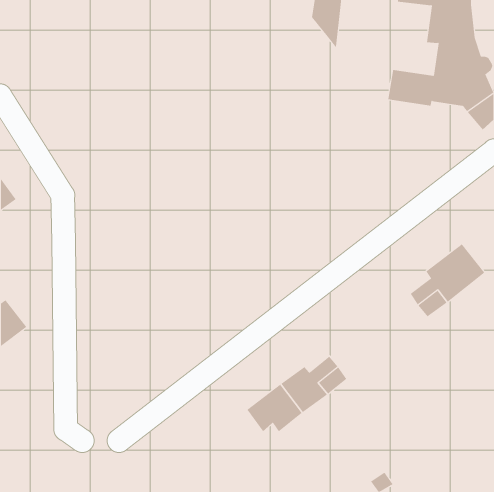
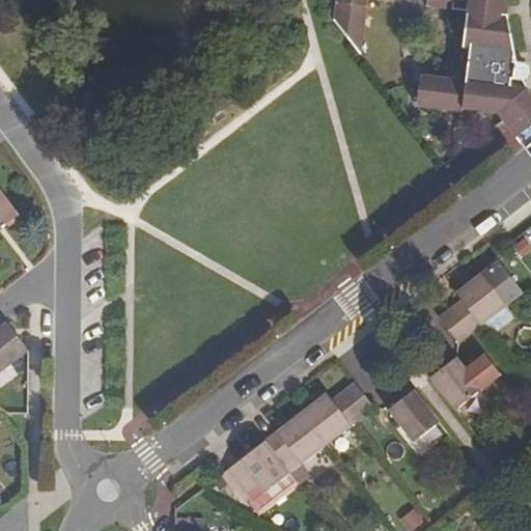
building: none -> [430,354,500,408]
building: none -> [388,388,439,441]
building: none -> [227,440,288,492]

